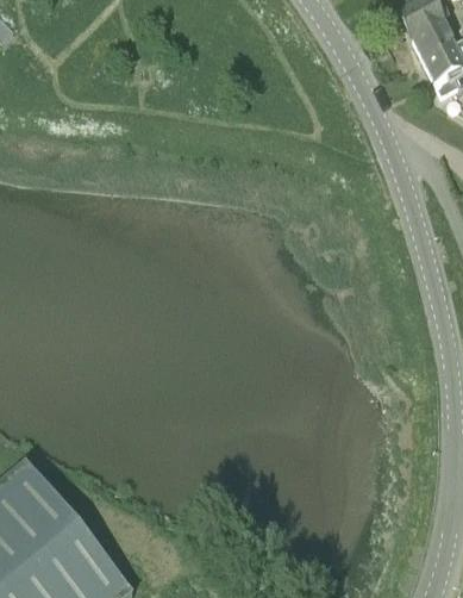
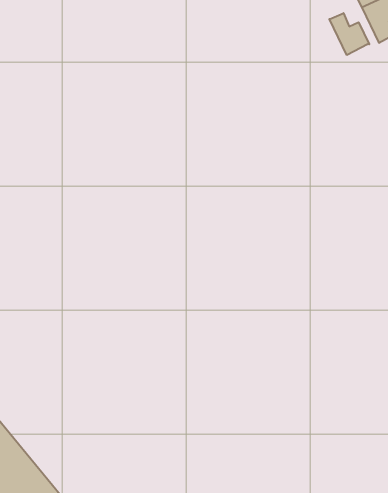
building: none -> [329,13,369,55]

